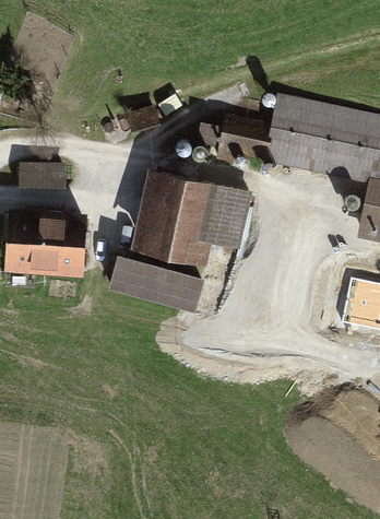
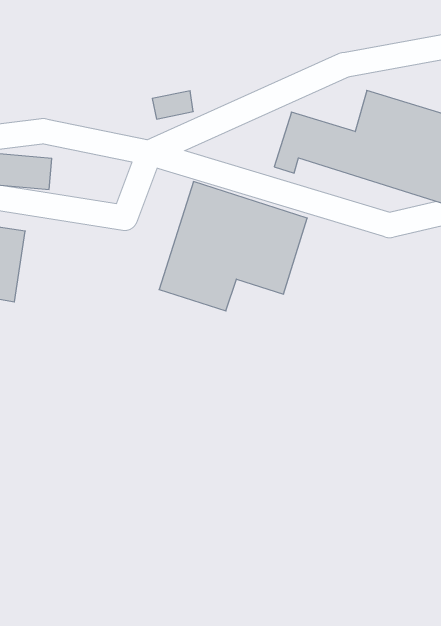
building: [44,217,83,270] -> none
building: [110,258,200,309] -> none

